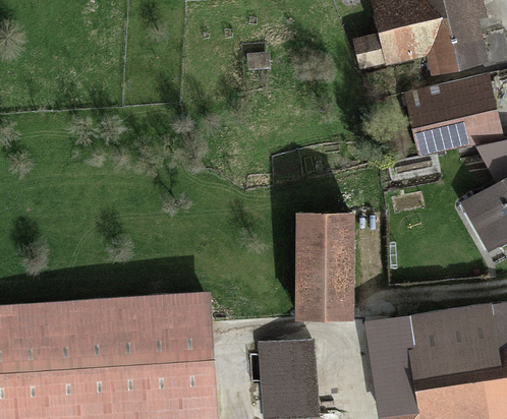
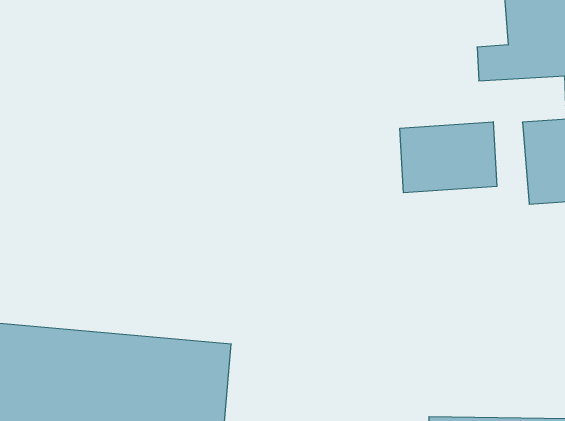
building: none -> [400,122,497,193]
building: [301,208,361,314] -> none

